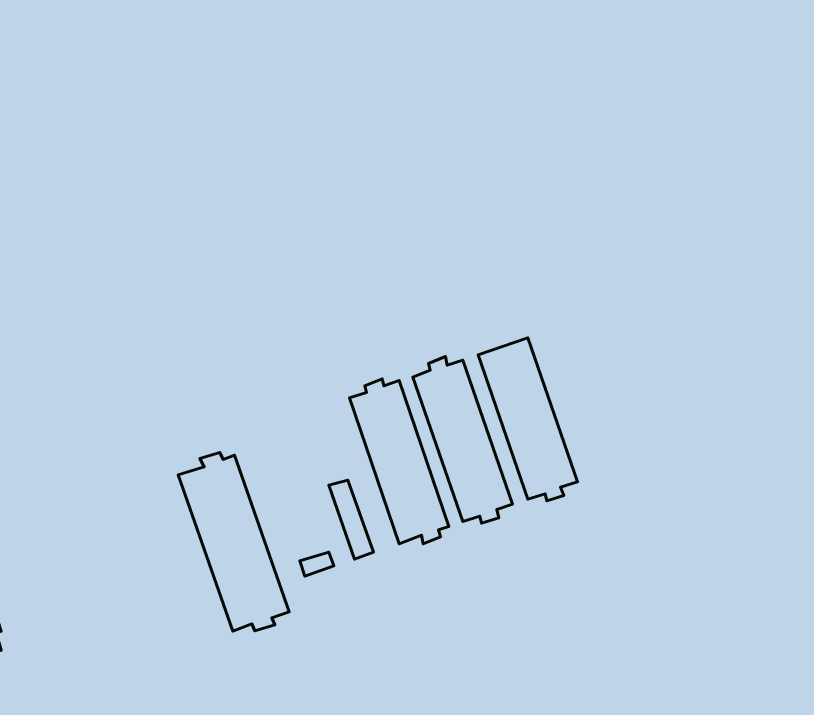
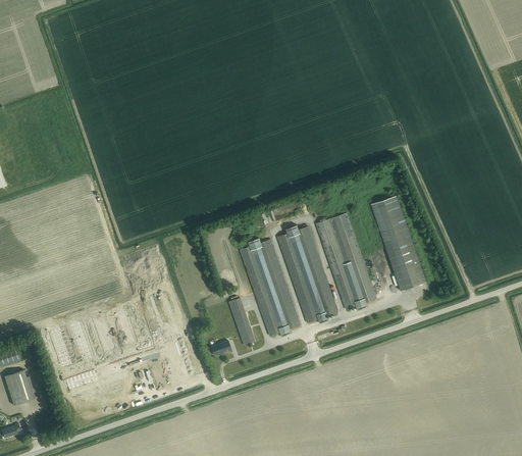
building: none -> [370,195,425,292]
building: [178,452,289,631] -> none

